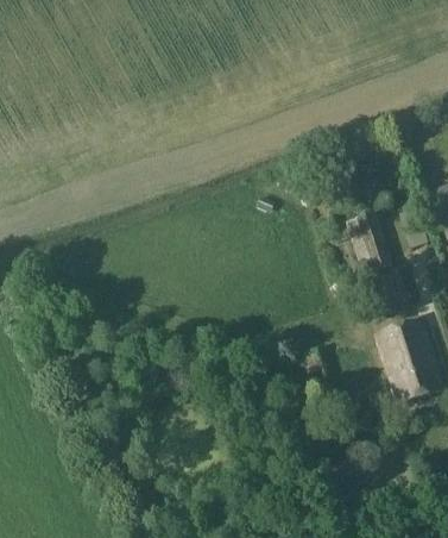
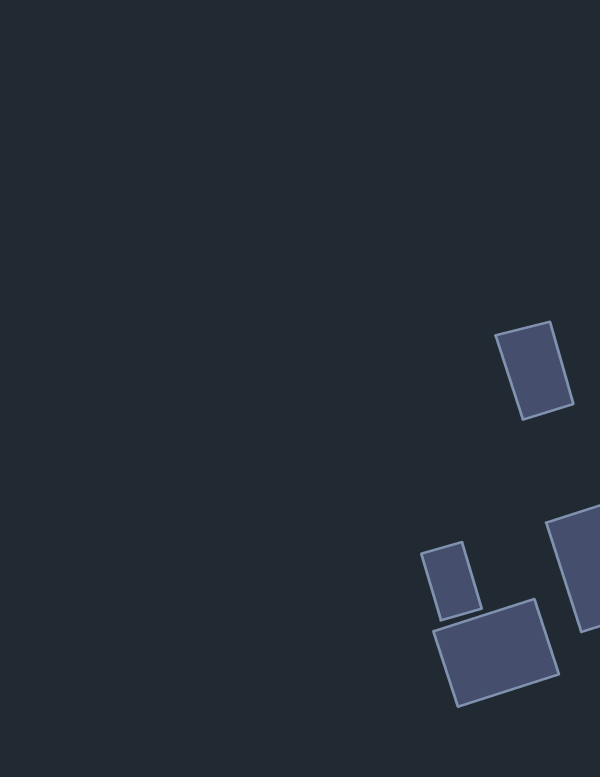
building: none -> [434,599,559,707]

